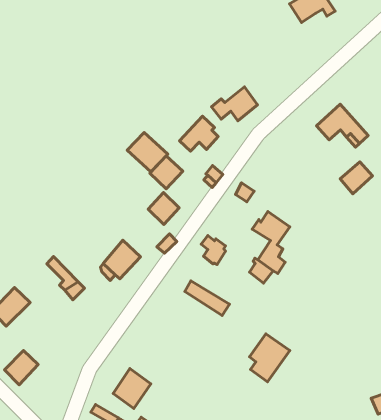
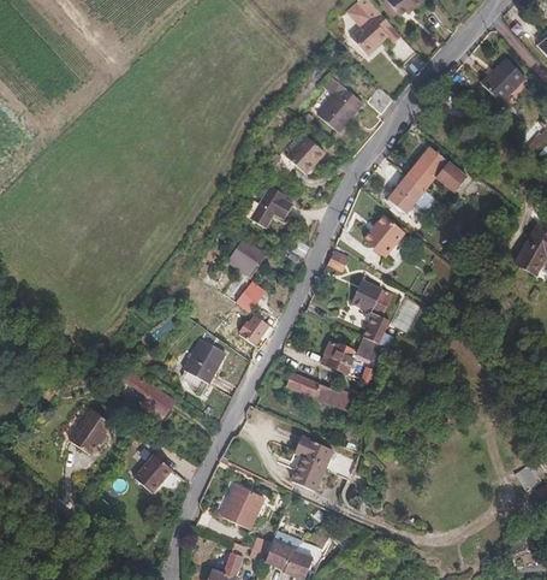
building: none -> [321,78,361,130]
building: [127,133,168,172] -> none
building: none -> [359,214,400,255]
building: [340,162,373,194] -> [386,173,422,211]
building: [201,236,226,265] -> [325,342,353,373]
building: [249,334,290,382] -> [286,437,331,491]
building: [5,350,38,385] -> [133,455,171,495]

